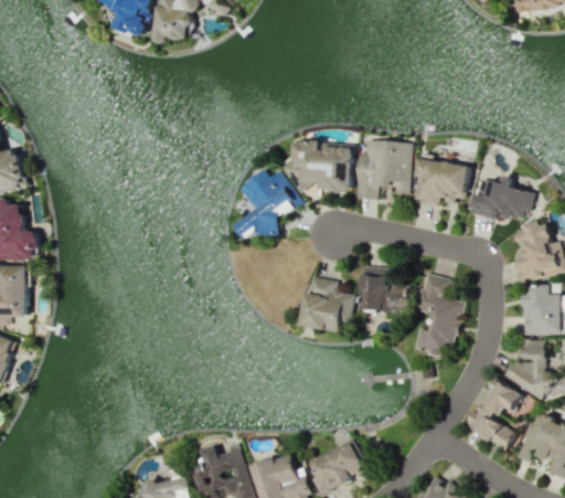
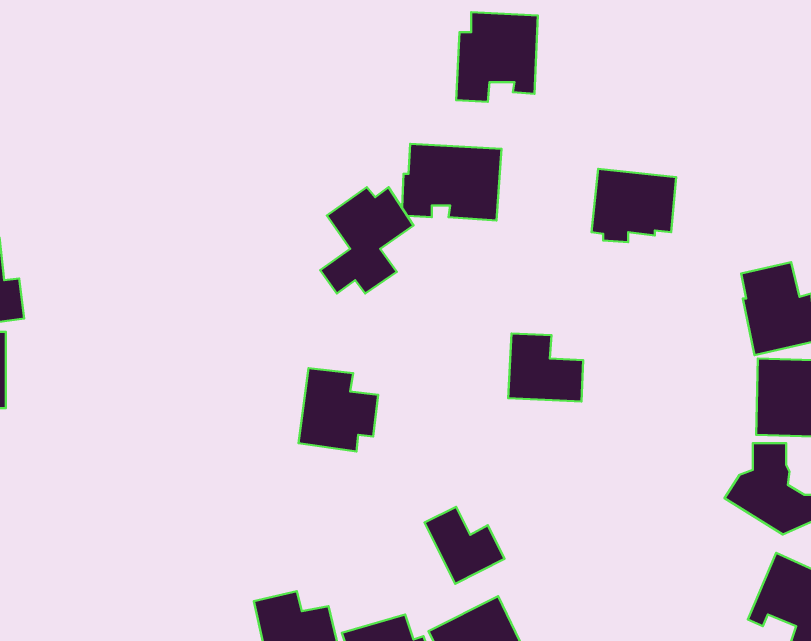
building: [356,140,411,200] -> [456,12,538,102]
building: [468,182,532,220] -> none
building: [415,274,462,353] -> none
building: [301,277,354,332] -> [298,368,378,451]
building: [466,379,523,451] -> none
building: none -> [425,507,504,584]

